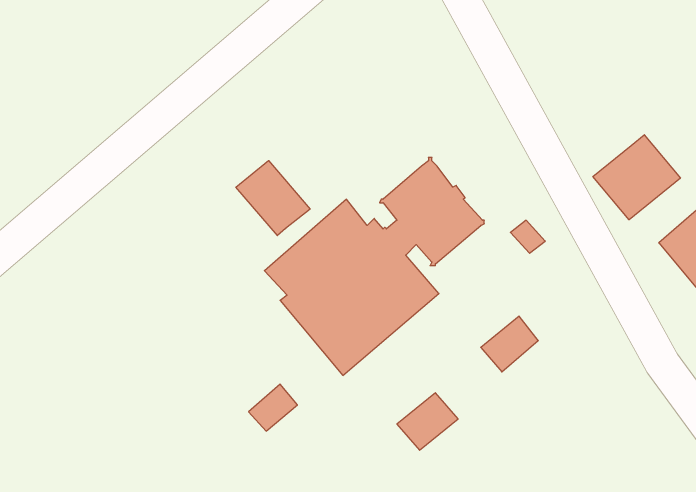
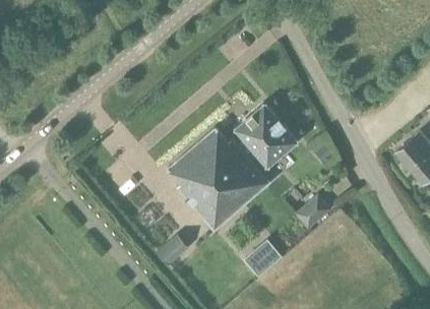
building: [593,135,680,220] -> none
building: [236,161,310,236] -> none

